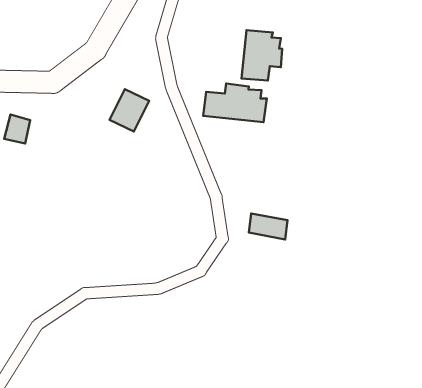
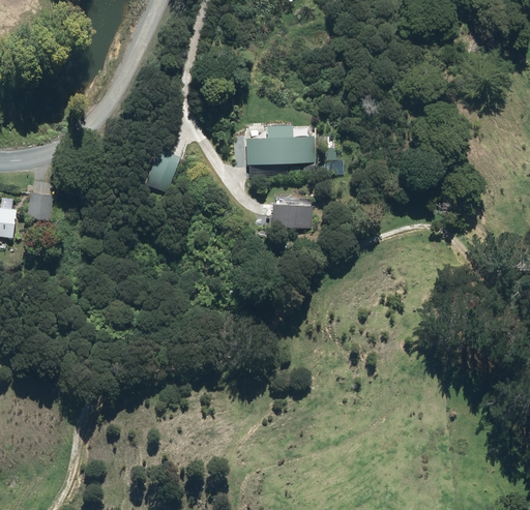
building: [241,30,282,81] -> none
building: [249,213,288,239] -> [269,204,311,228]

